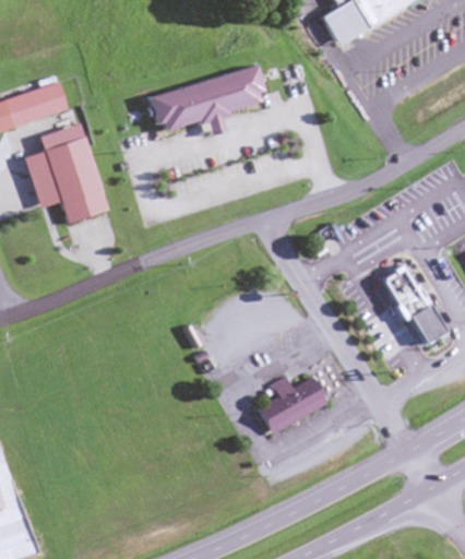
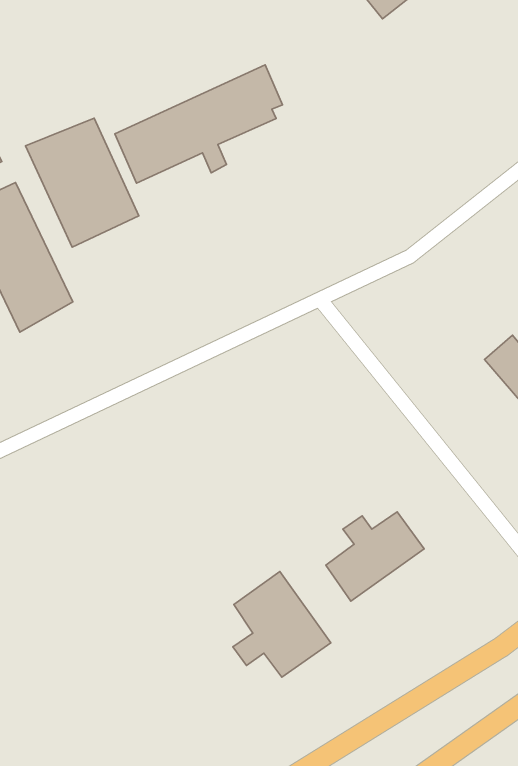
building: none -> [26,118,139,247]
building: none -> [233,571,331,677]

